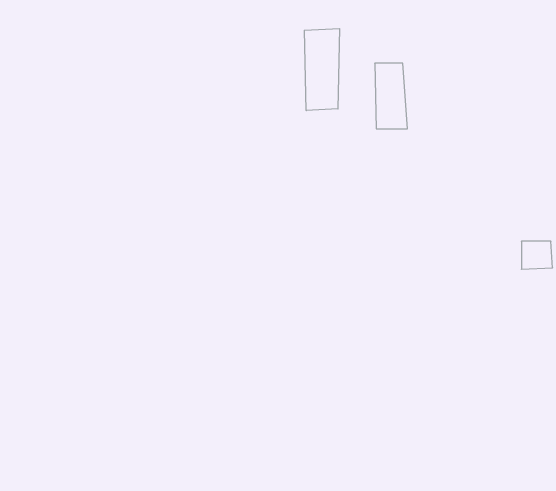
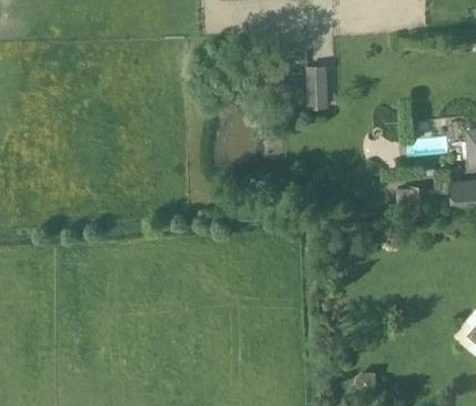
building: [304,29,340,111] -> none

